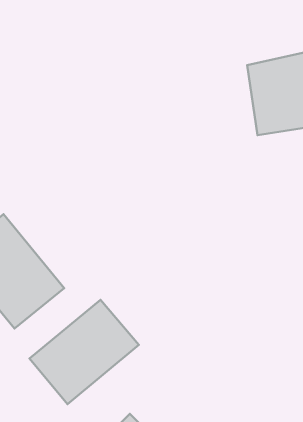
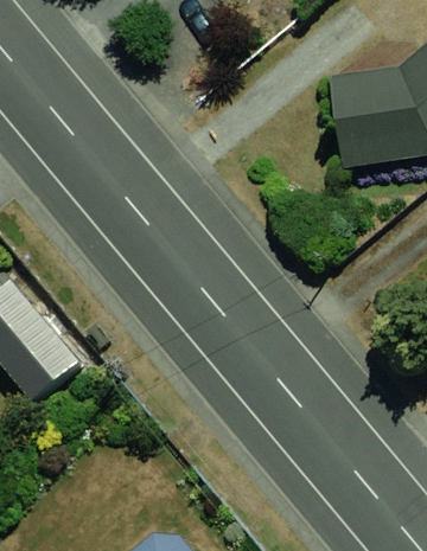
building: [30,300,139,404] -> none

